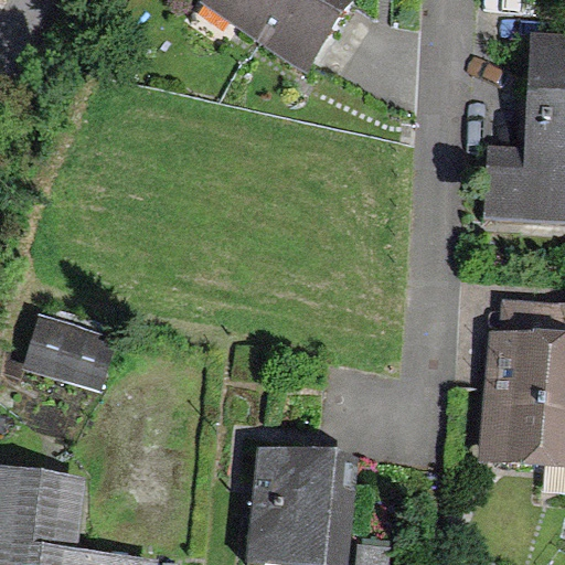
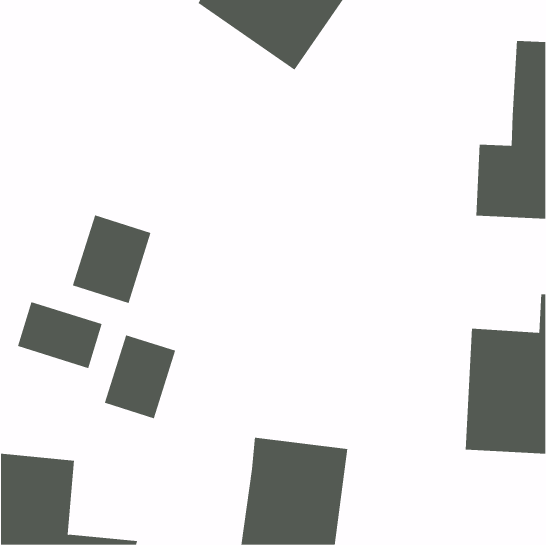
building: none -> [72,215,151,304]
building: none -> [104,334,176,419]

